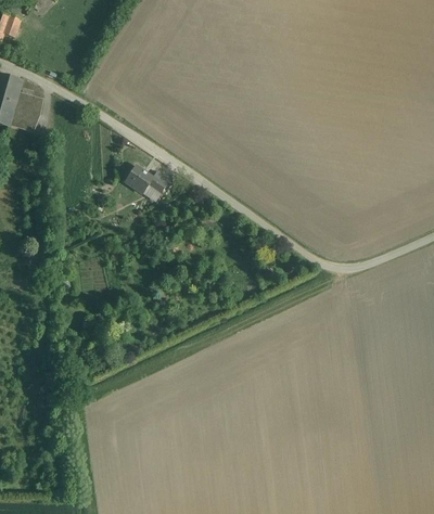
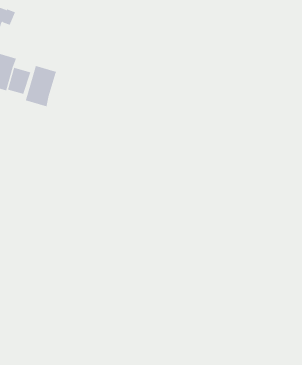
building: none -> [25,65,57,107]
building: [126,166,170,193] -> none

